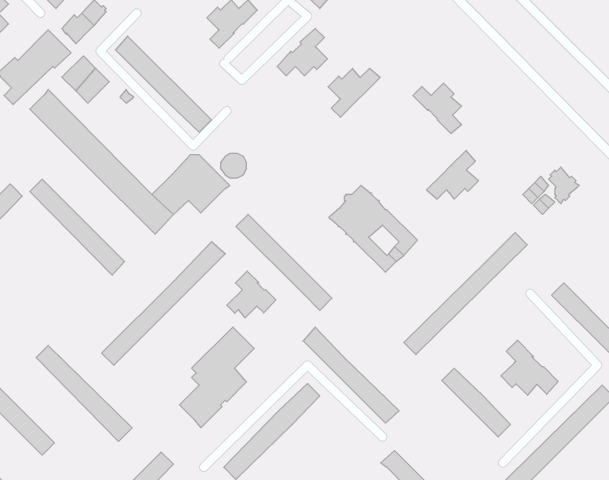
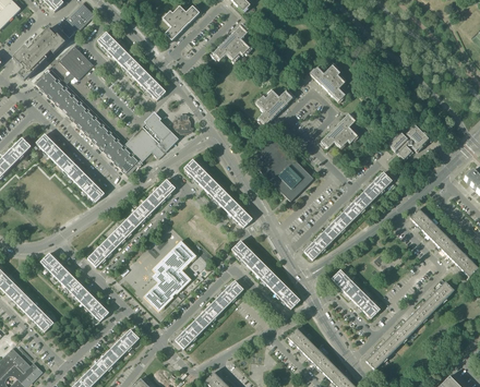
building: [328,68,380,117] -> [255,90,292,125]
building: [227,271,276,318] -> none
building: [501,340,558,395] -> none

